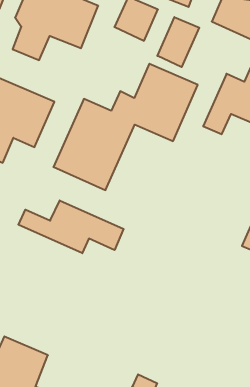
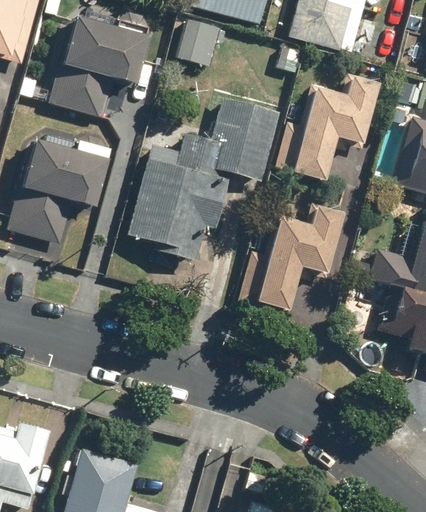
building: [157,17,199,67] -> none
building: none -> [244,202,339,308]
building: [18,200,124,253] -> none

